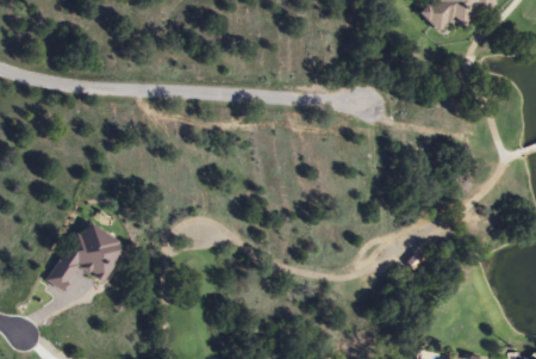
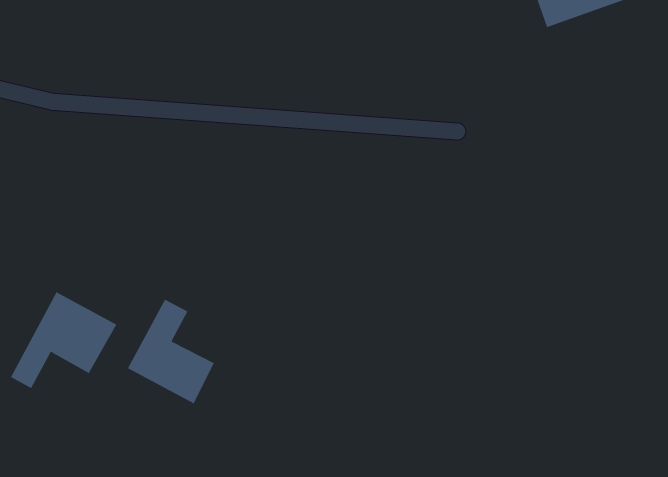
building: none -> [127,299,214,404]

